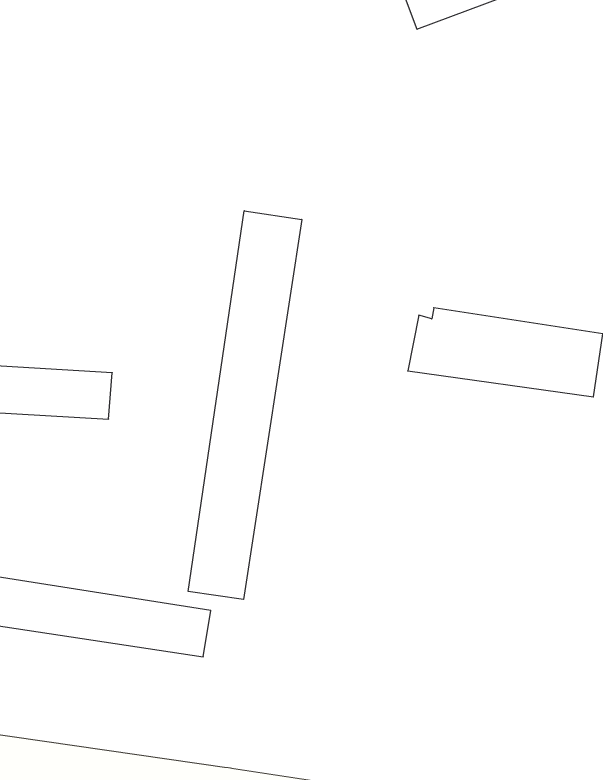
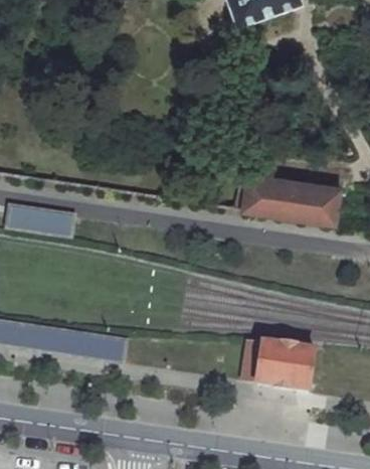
building: [188,211,302,599] -> none
building: none -> [242,341,314,392]

